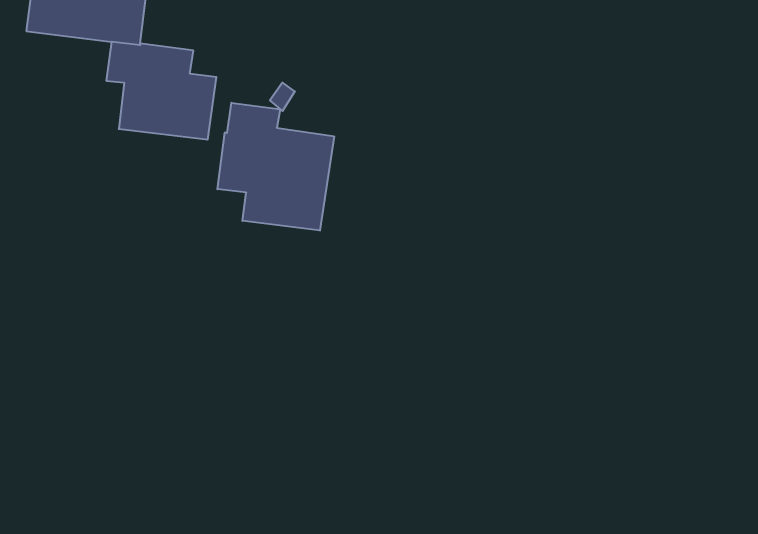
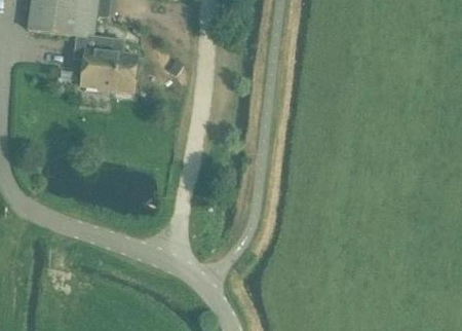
building: [217,103,334,231] -> none

